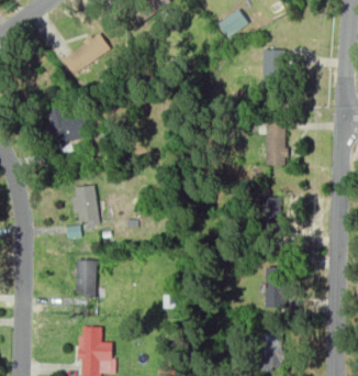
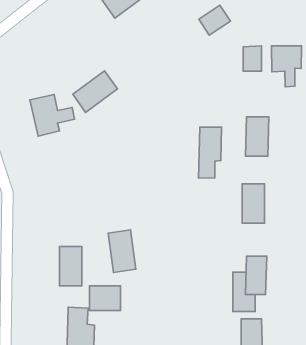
building: [68,27,114,70] -> [73,71,117,112]
building: none -> [272,46,301,87]
building: none -> [198,127,221,178]
building: [71,187,100,231] -> [108,230,136,272]
building: none -> [90,286,120,310]

